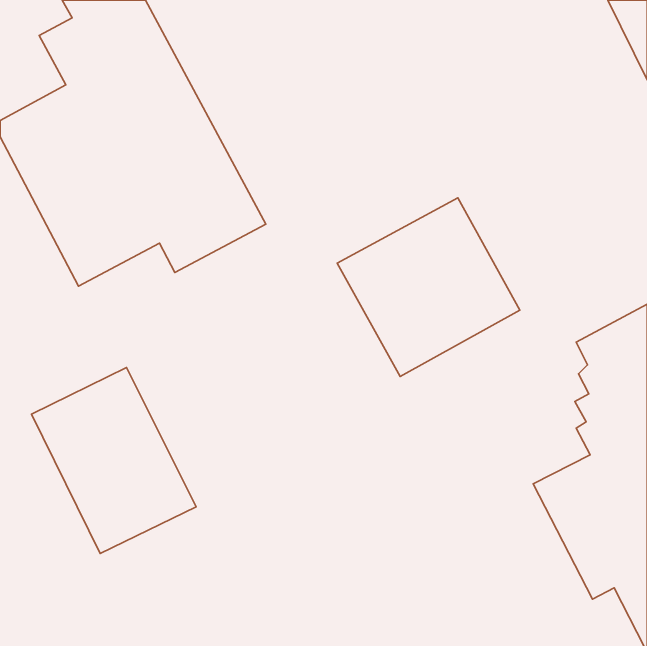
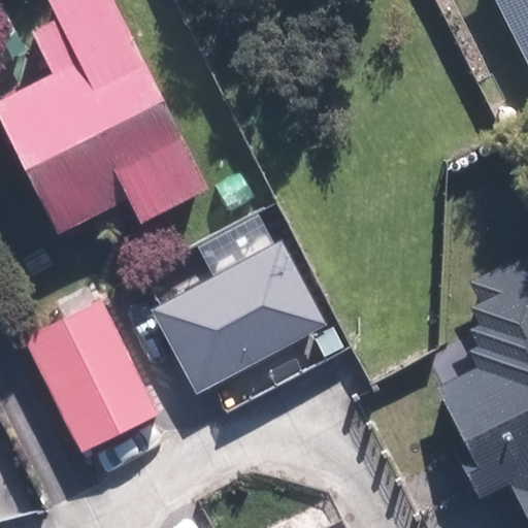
building: [337,198,520,376] -> none
building: none -> [156,243,324,392]

